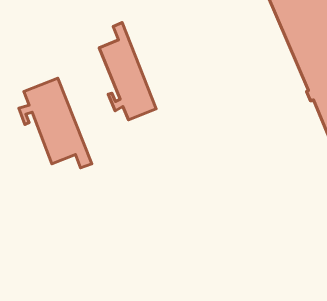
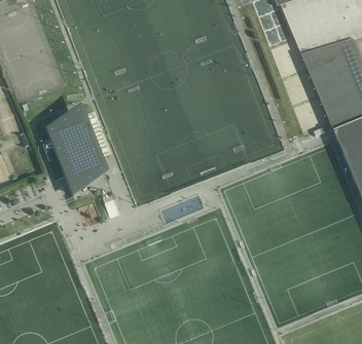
building: [99,23,156,120] -> none

